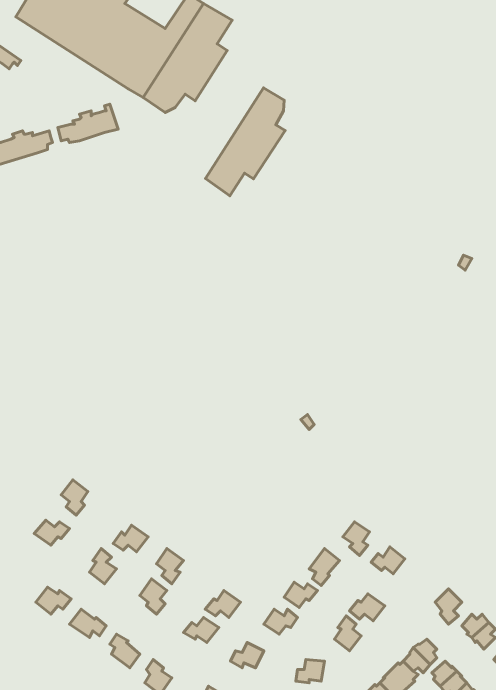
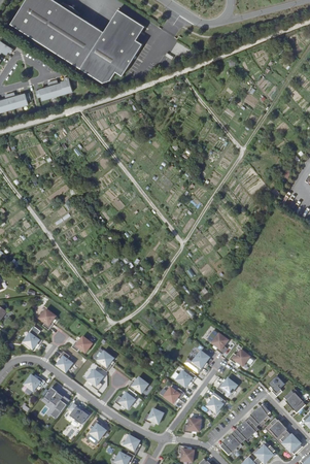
building: [205,88,285,196] -> none

